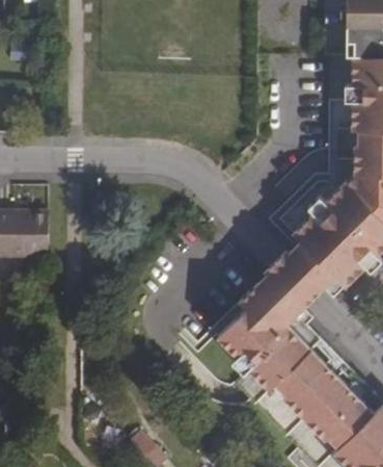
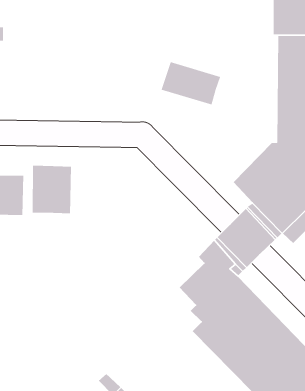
building: none -> [160,61,221,106]
building: none -> [32,165,72,214]

